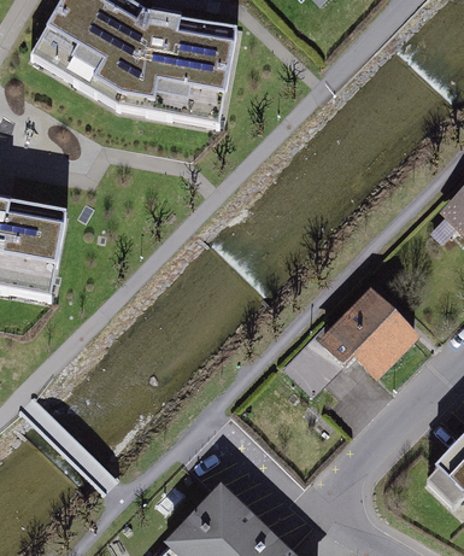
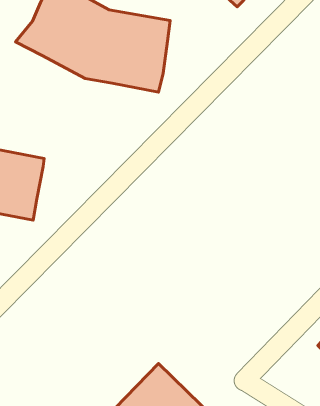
building: [319,285,421,376] -> none

